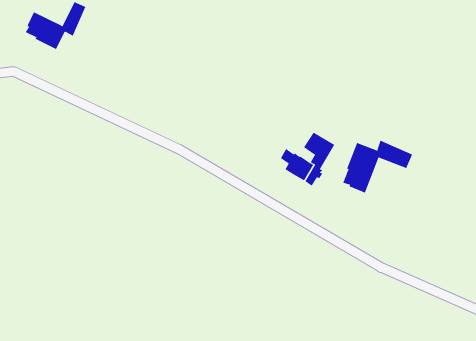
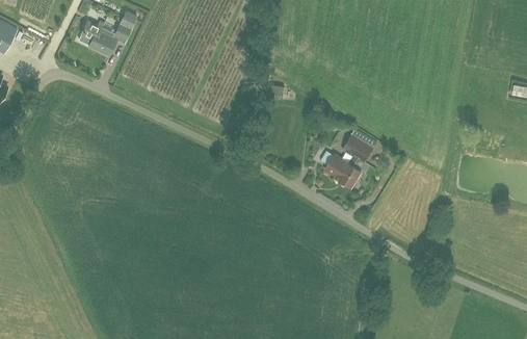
building: [343,140,413,194] -> none

